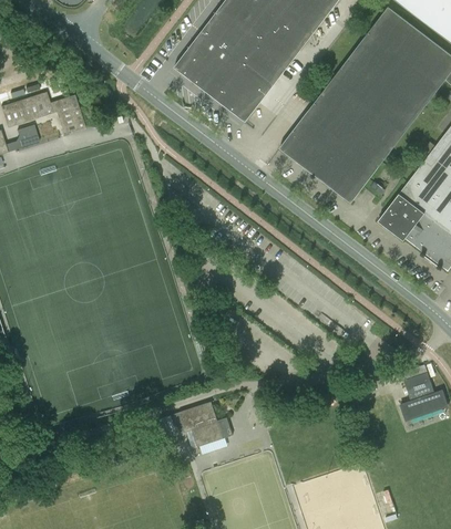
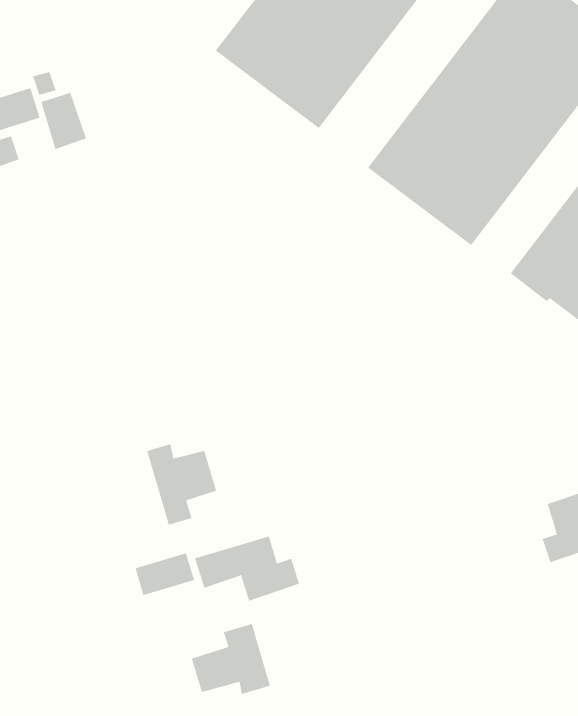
building: none -> [147,443,217,526]
building: none -> [135,553,195,596]
building: none -> [191,623,270,695]

